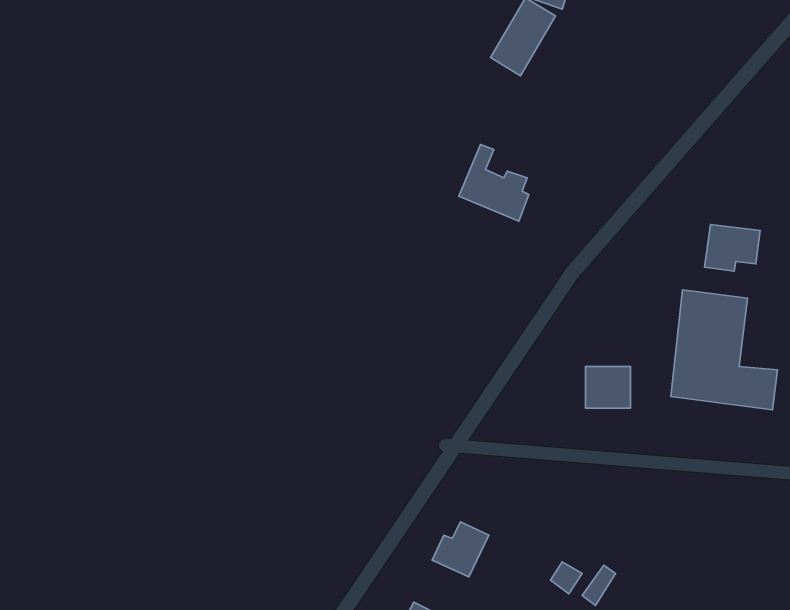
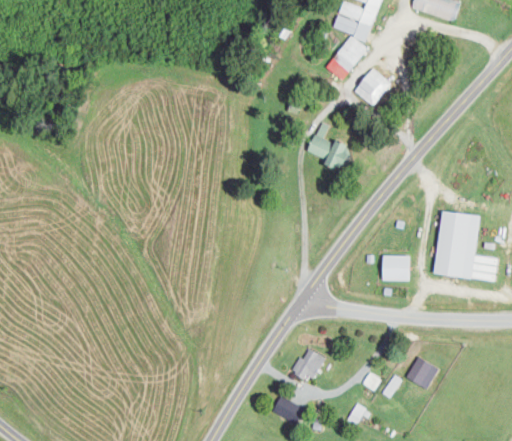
building: none -> [354,67,391,105]
building: [704,225,760,271] -> none
building: none -> [406,355,439,389]

